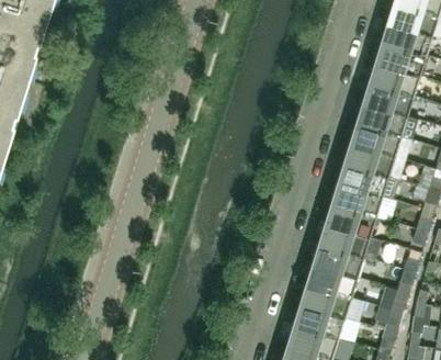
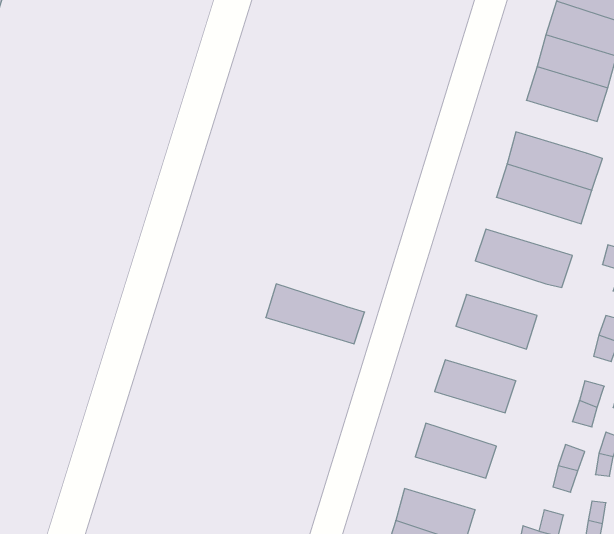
building: [363,82,414,115] -> none
building: [344,143,404,179] -> none
building: [332,182,382,216] -> none
building: [319,223,381,260] -> [266,284,365,344]
building: [307,263,357,297] -> none
building: [294,304,344,337] -> none

